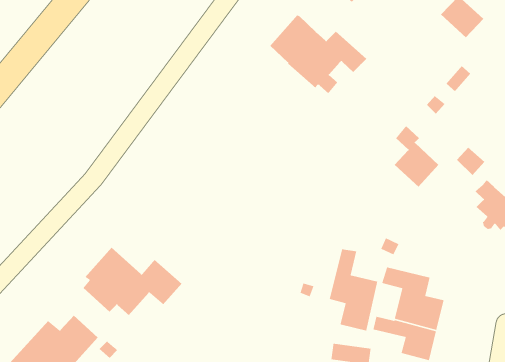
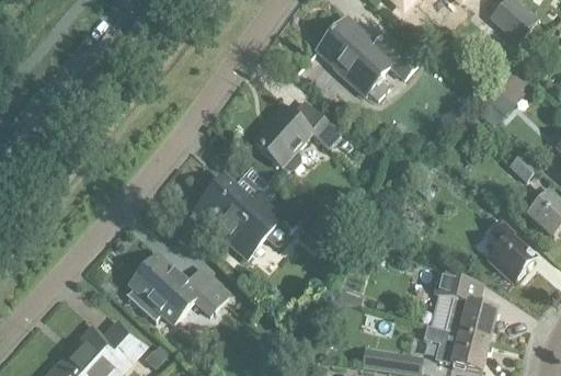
building: none -> [254,99,340,170]
building: [394,125,439,188] -> [488,217,534,281]
building: none -> [194,175,304,257]
building: [329,248,378,332] -> none

